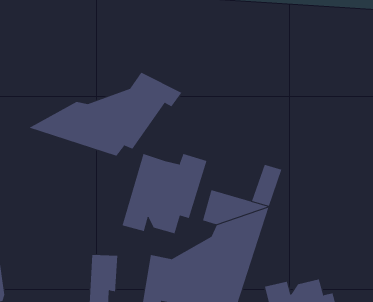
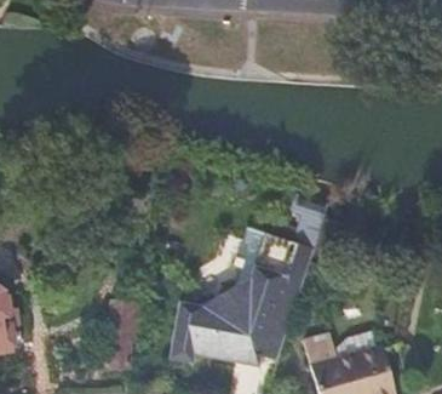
building: [28,72,182,157] -> none
building: [122,153,207,234] -> none

